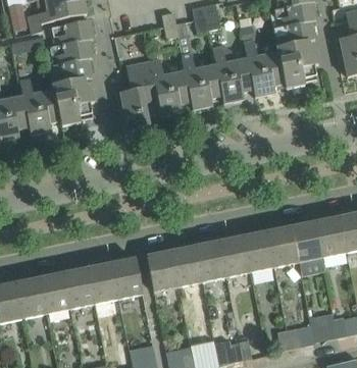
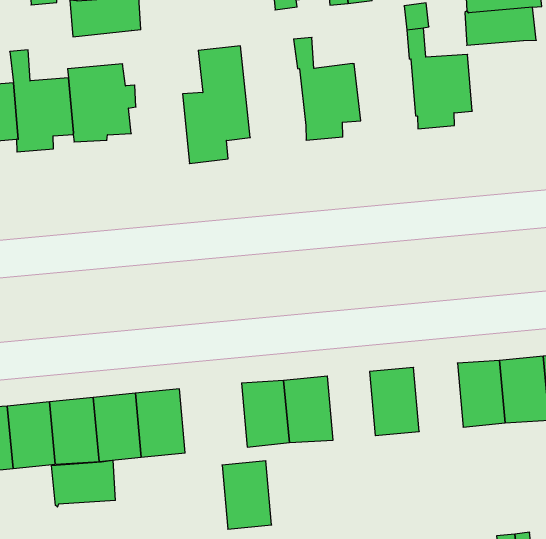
building: [277,40,319,88] -> none
building: [211,46,253,102] -> none
building: [50,58,92,84] -> none
building: [150,58,192,115] -> none
building: [267,225,299,266] -> none
building: [219,235,250,276] -> none
building: [147,250,178,291] -> [222,461,272,529]
building: none -> [51,460,115,507]

